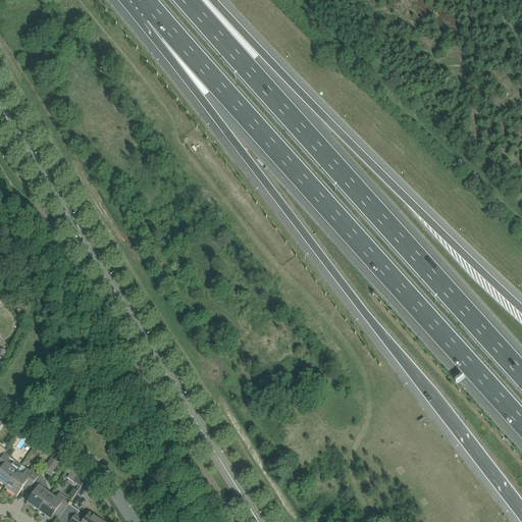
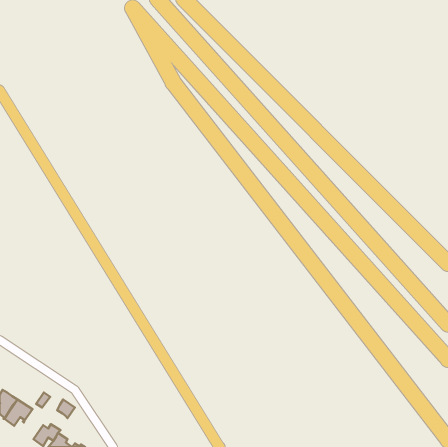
building: [27,475,50,510] -> none

